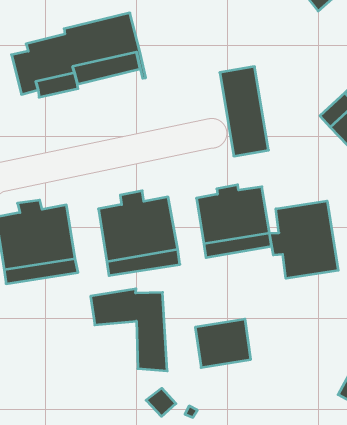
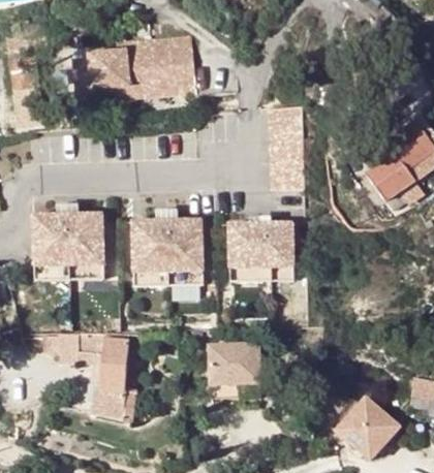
building: [270,201,338,278] -> none
building: [91,289,167,371] -> [61,333,130,415]

